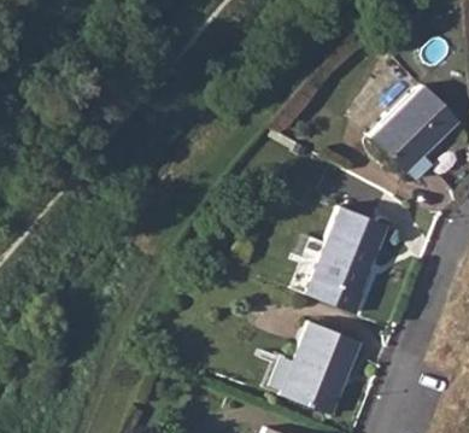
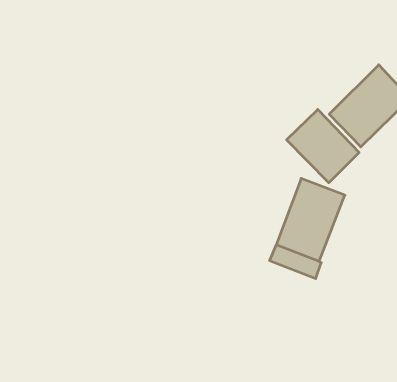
building: none -> [287,109,359,183]
building: [281,321,358,414] -> none

